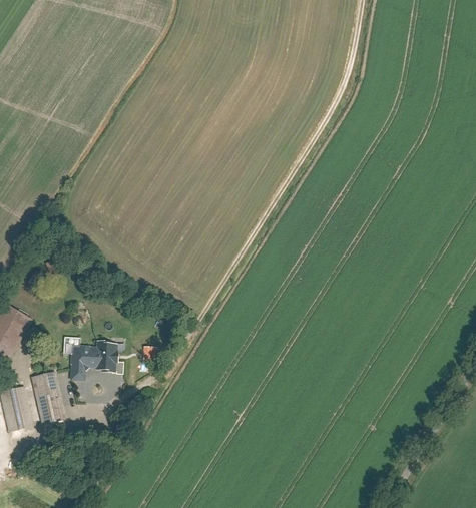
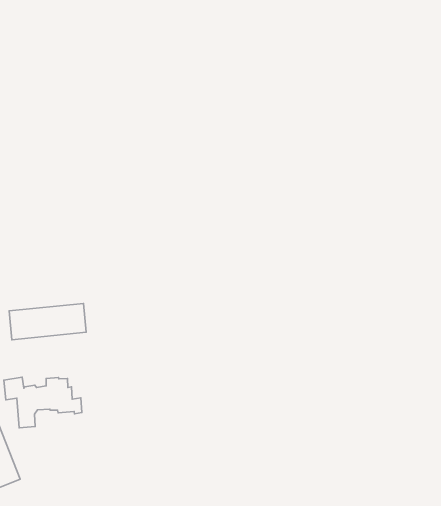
building: none -> [9,303,86,340]

